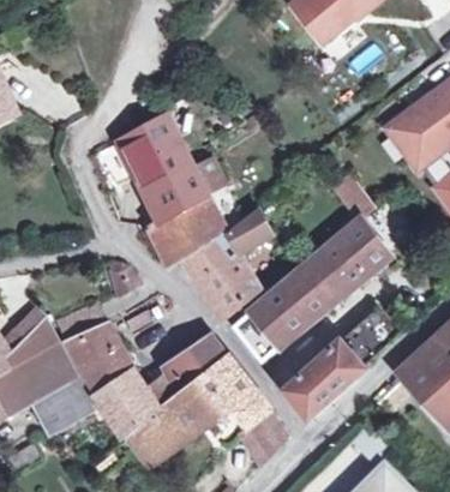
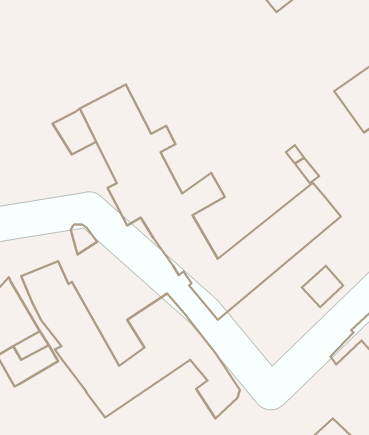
building: [287,341,367,419] -> none

